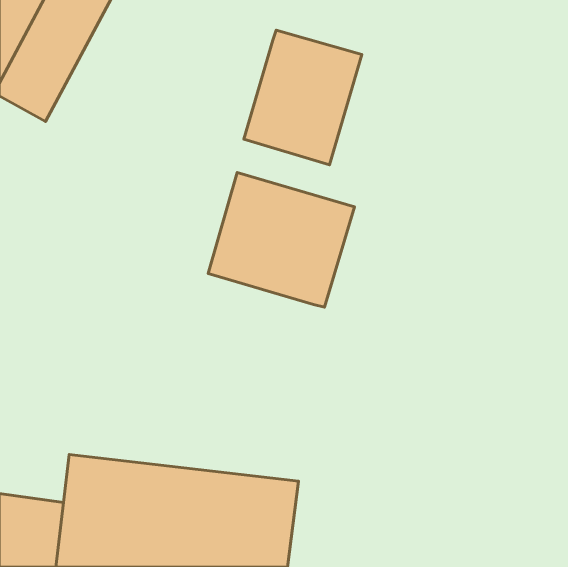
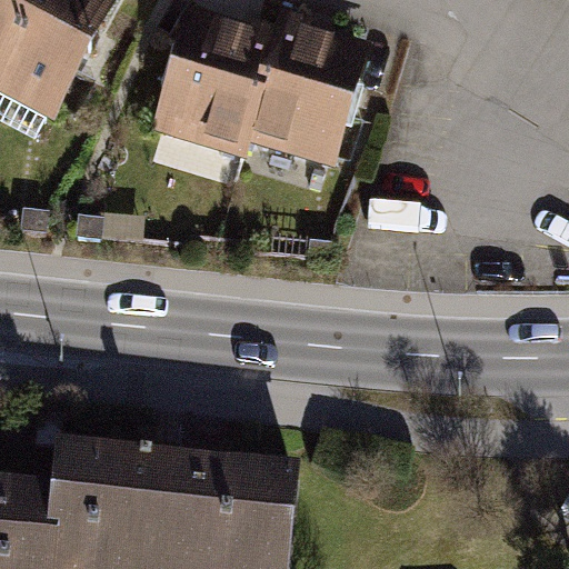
building: none -> [153,16,272,157]
building: [208,172,355,307] -> none

